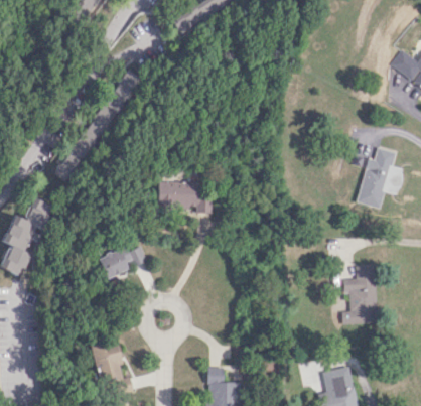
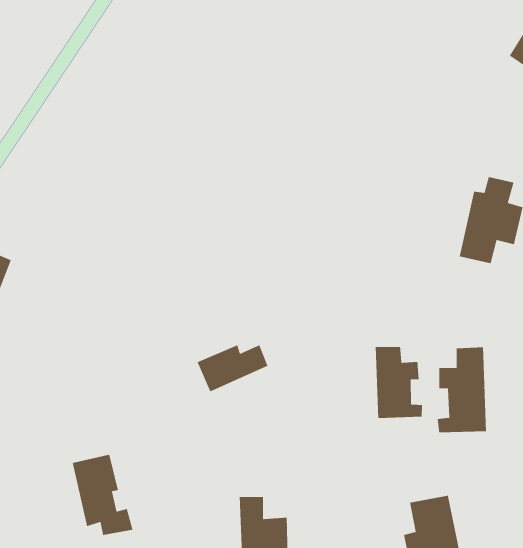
building: [157,181,198,211] -> none
building: [98,246,147,279] -> [197,344,268,393]
building: none -> [375,346,423,419]

